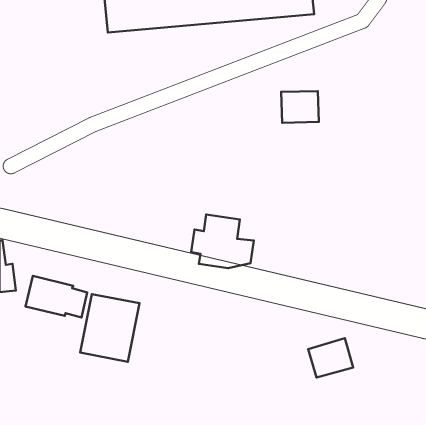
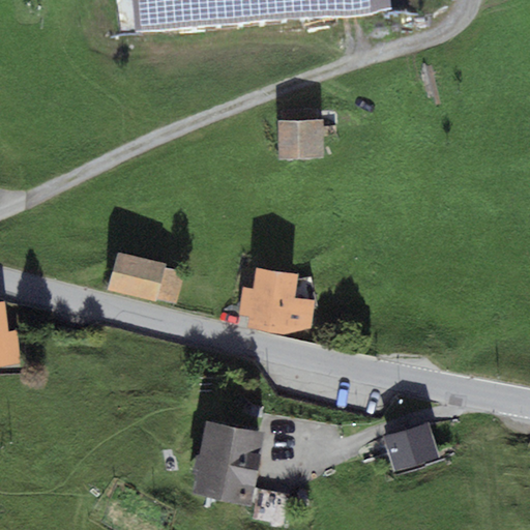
building: [281,91,319,123] -> [276,117,323,156]
building: [25,276,87,317] -> [107,249,183,301]
building: [80,294,140,362] -> [190,417,264,501]

